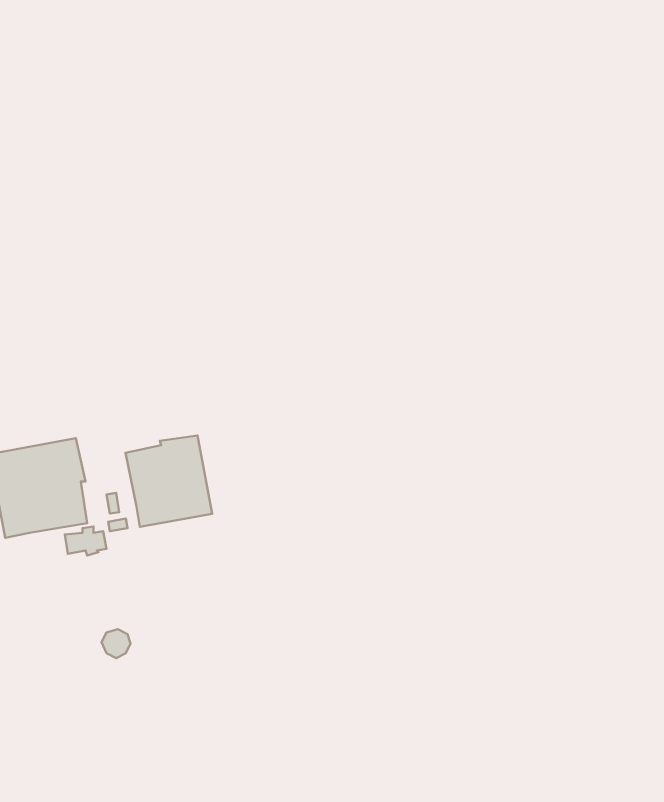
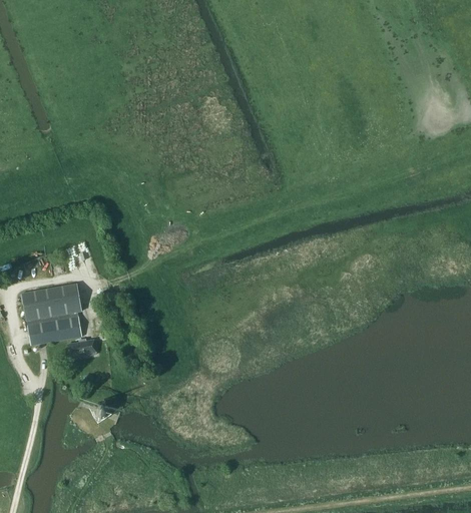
building: [126,435,212,527] -> none

